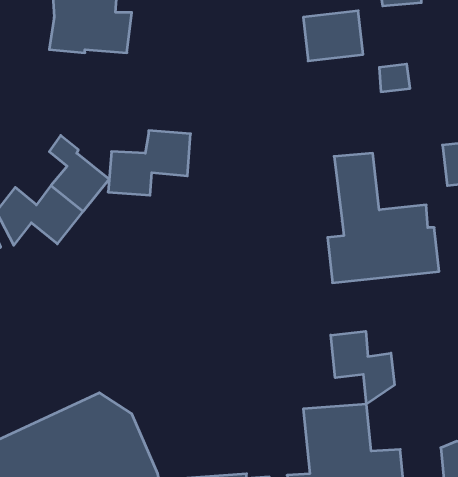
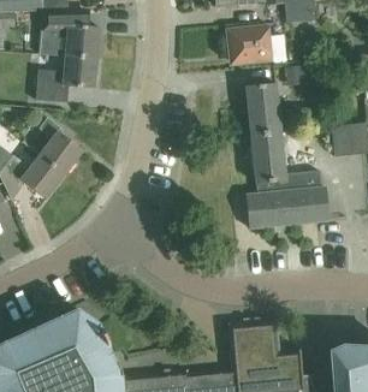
building: none -> [247,82,280,133]
building: [108,131,191,195] -> [36,54,97,102]
building: [331,331,394,404] -> none

